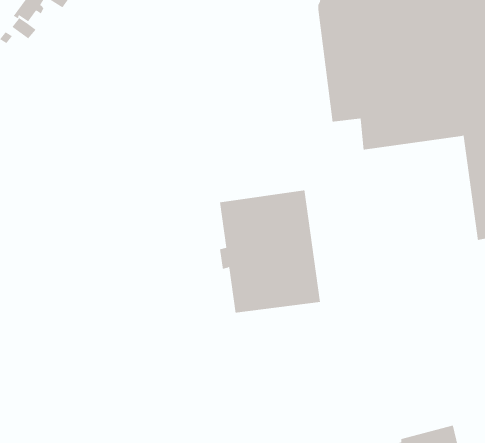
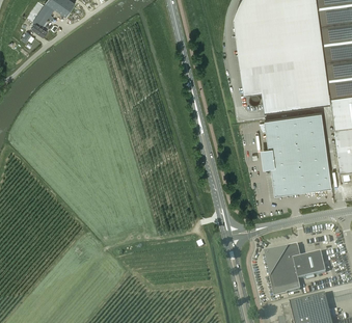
building: [219,190,321,313] -> [265,113,332,195]
building: none -> [268,247,326,296]

